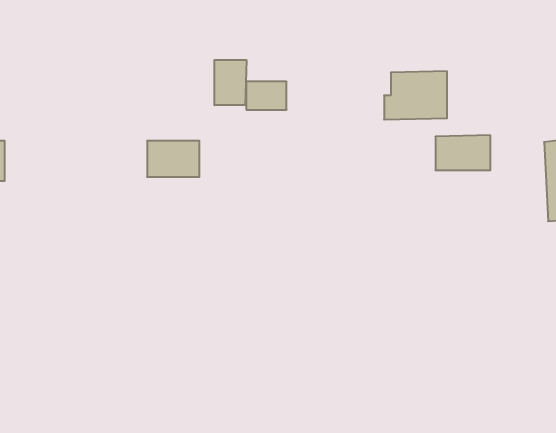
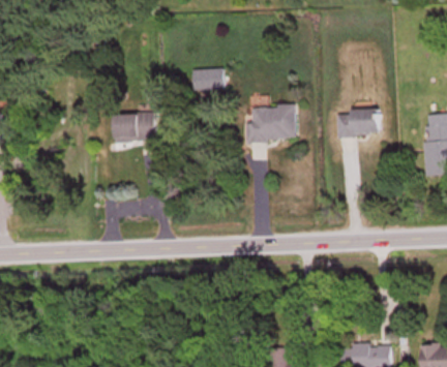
building: [214,60,246,105] -> none
building: [384,71,447,120] -> [247,104,296,142]

